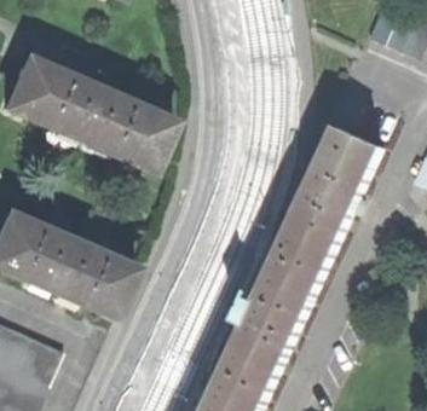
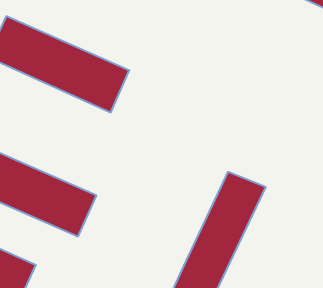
building: [281,127,374,256] -> none

